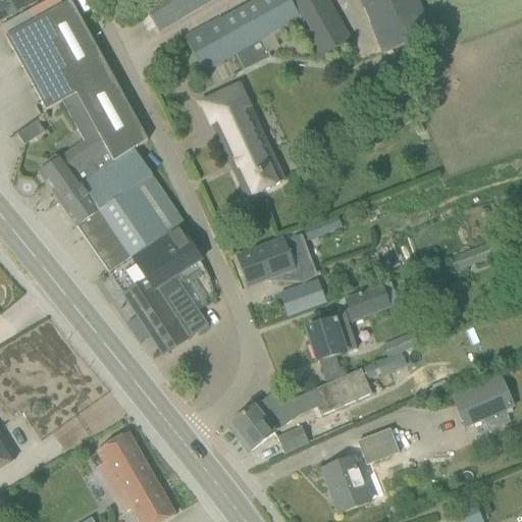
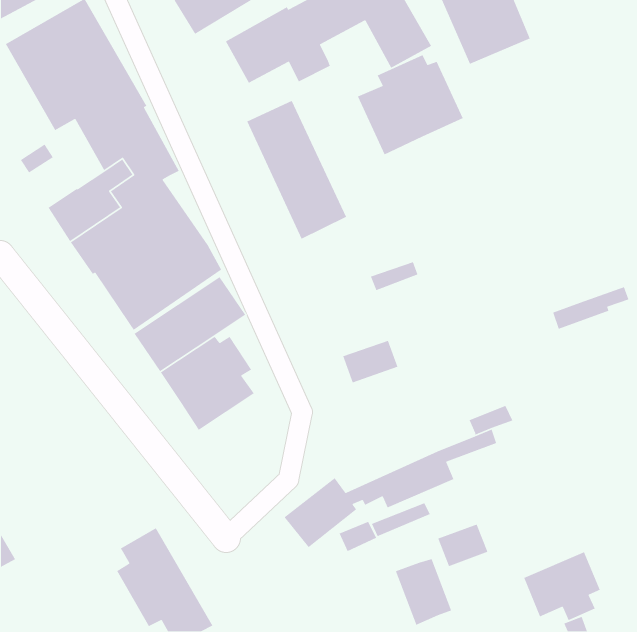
building: none -> [357,54,464,156]
building: [239,232,313,281] -> none
building: [308,280,400,359] -> none
building: [452,372,515,429] -> [523,551,601,621]

